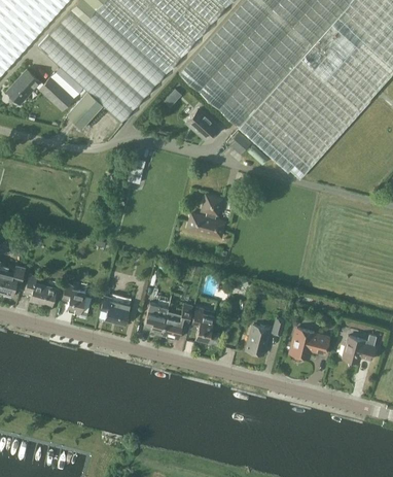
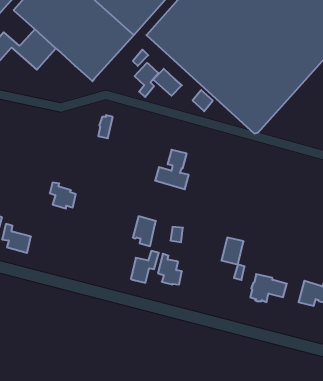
building: [66,91,103,128] -> none
building: none -> [135,63,159,97]
building: [63,284,91,312] -> [50,183,76,209]
building: [101,293,132,323] -> none
building: [144,301,169,333] -> [133,216,156,246]
building: [246,325,270,353] -> [221,237,244,264]

